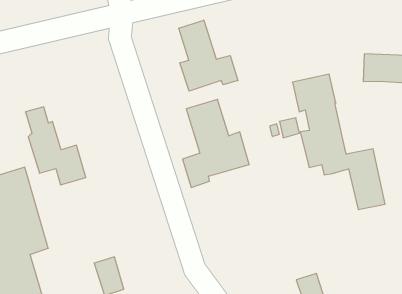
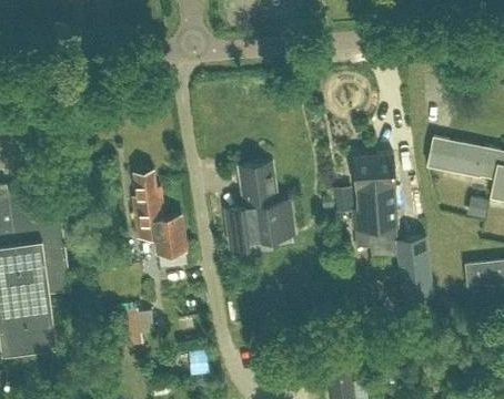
building: [179,20,238,91] -> none
building: [25,107,86,185] -> [132,171,185,255]

